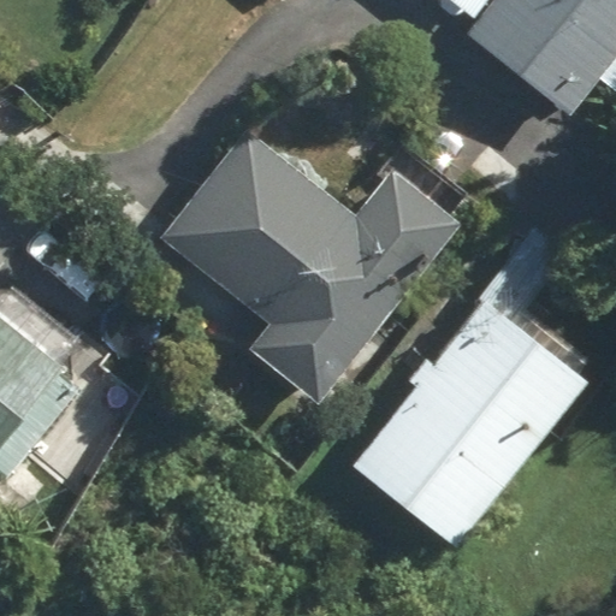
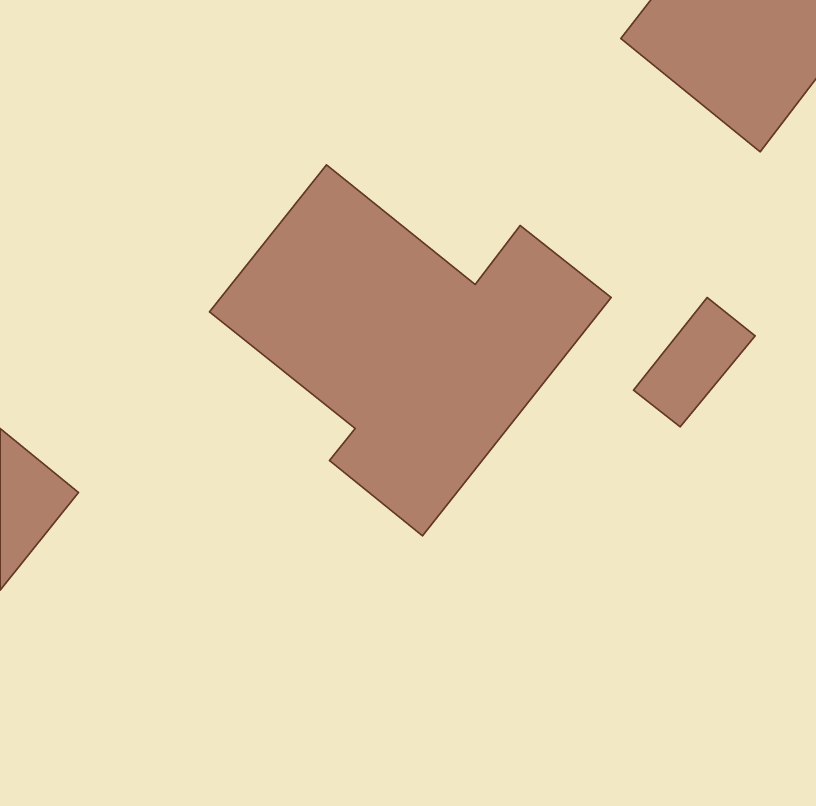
building: [351,301,587,550] -> none

